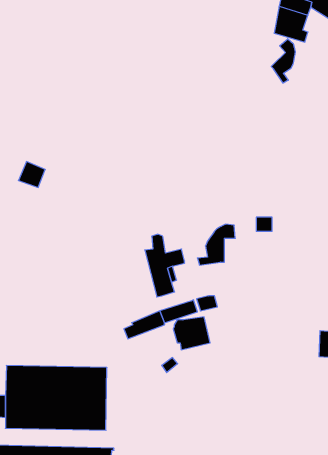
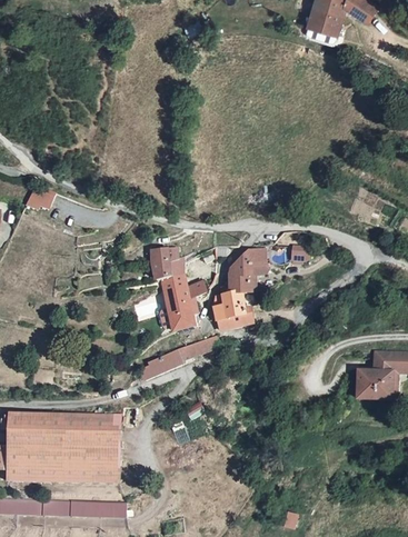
building: [271,39,295,83] -> none
building: none -> [151,250,171,281]
building: [173,317,210,350] -> [212,294,253,330]

